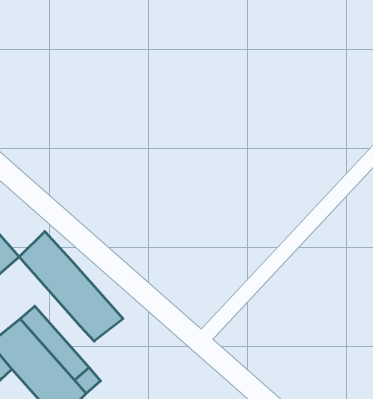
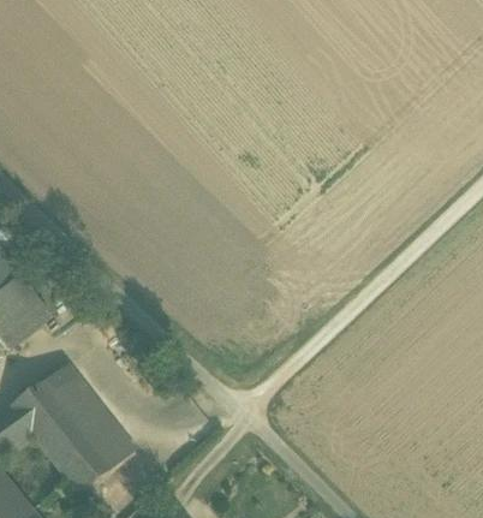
building: [19,231,123,341] -> none

